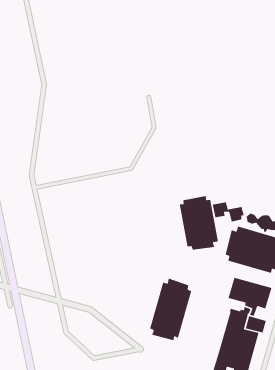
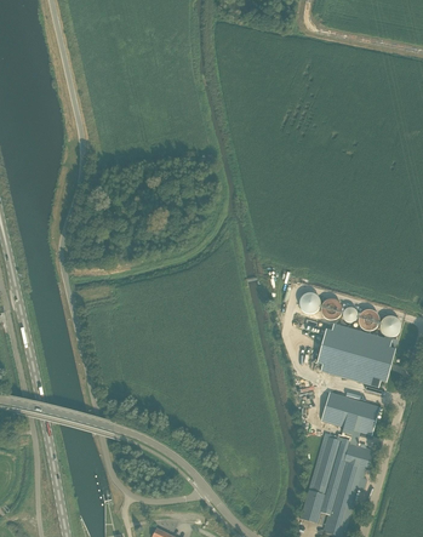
building: [179,195,219,251] -> none
building: [149,278,192,341] -> none

